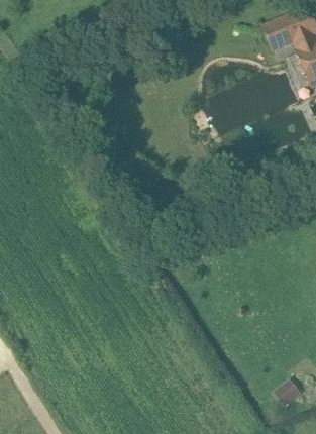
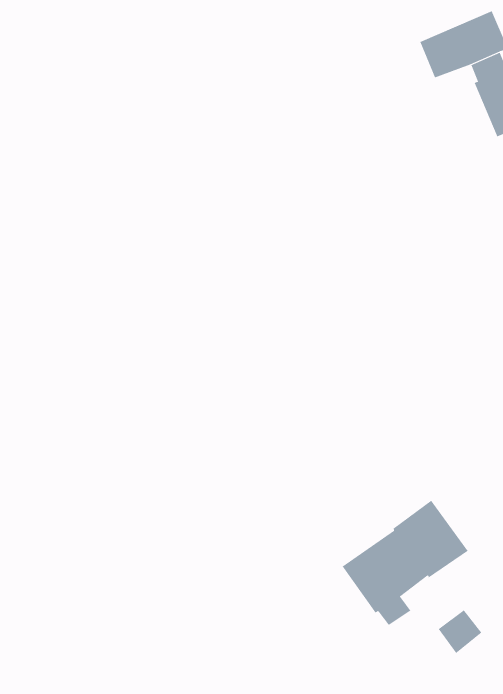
building: none -> [342,500,468,626]

